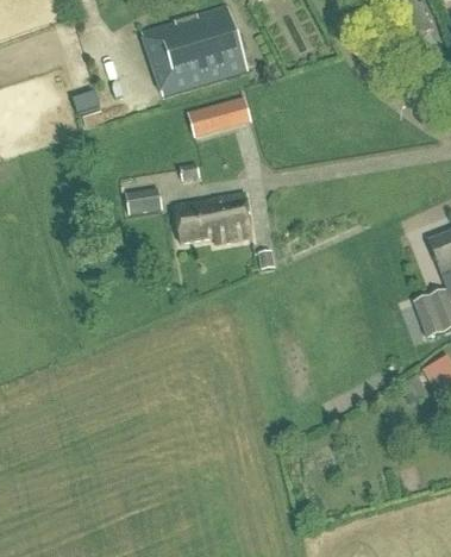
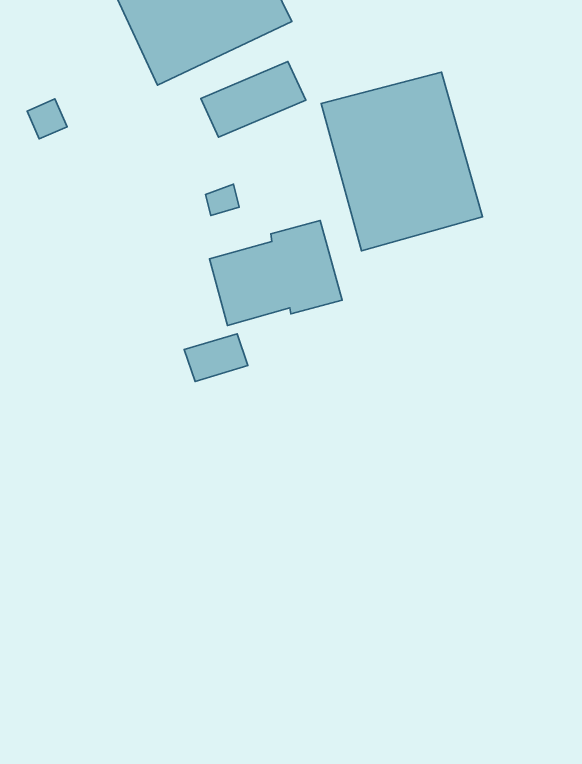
building: none -> [321,72,482,251]
building: [125,188,162,213] -> [184,334,248,382]

